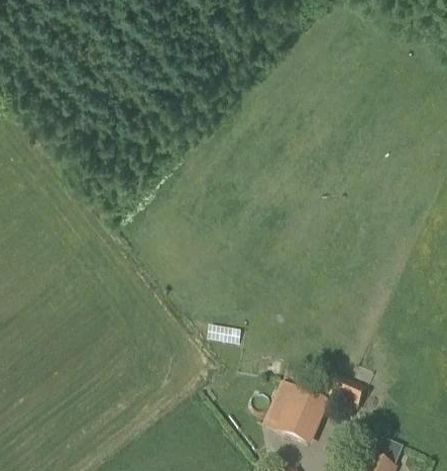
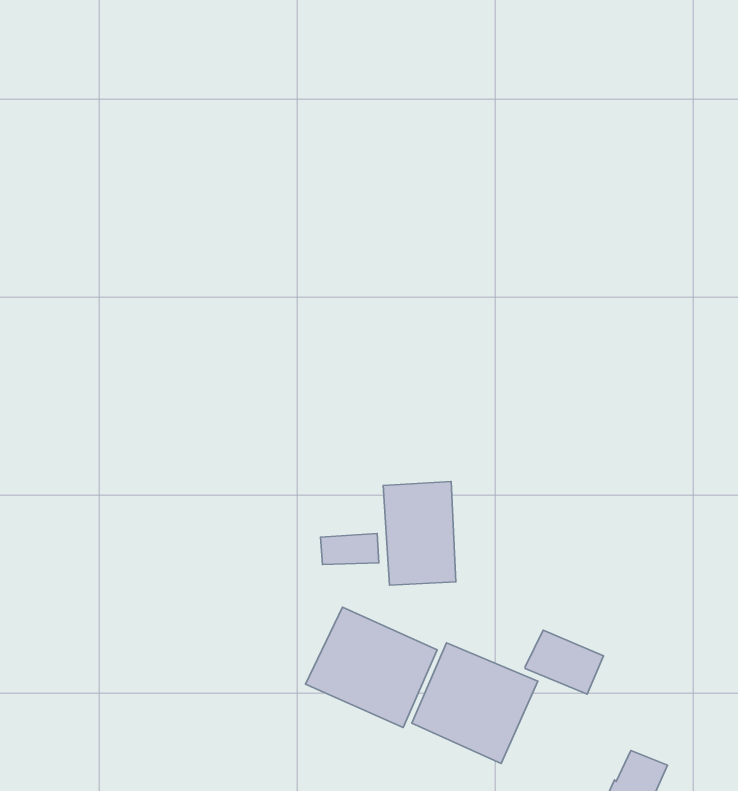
building: none -> [383,481,456,585]
building: none -> [306,607,437,727]

